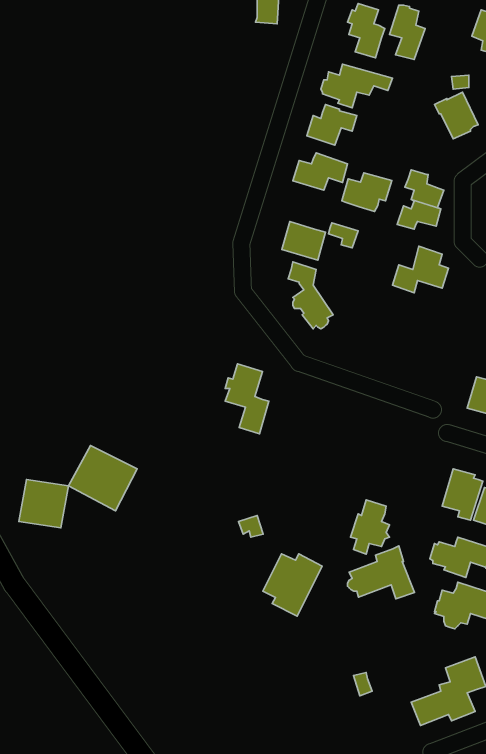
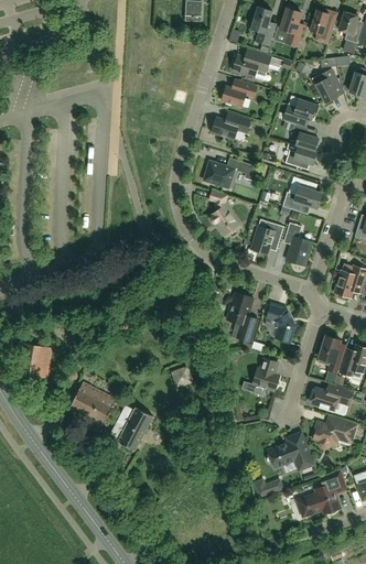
building: none -> [309,9,337,44]
building: [342,173,392,212] -> [282,100,317,128]
building: none -> [251,223,282,254]
building: none -> [286,223,312,267]
building: [225,364,269,434] -> [226,293,257,343]
building: none -> [266,304,294,343]
building: [69,445,137,511] -> [68,382,117,429]
building: [348,546,415,599] -> [266,432,313,469]
building: [263,554,322,616] -> [110,406,152,451]

